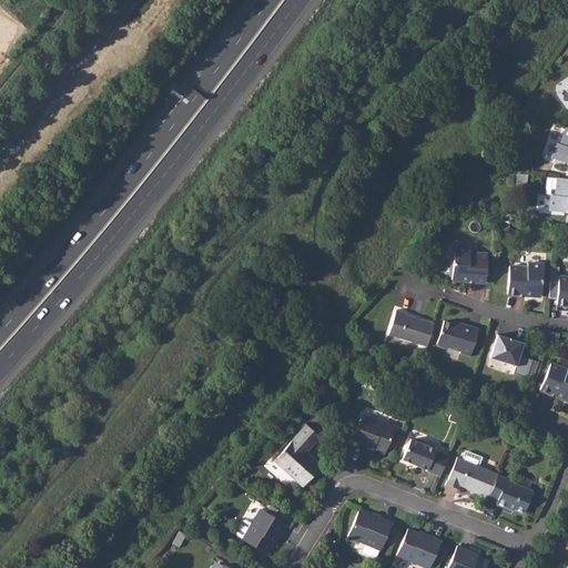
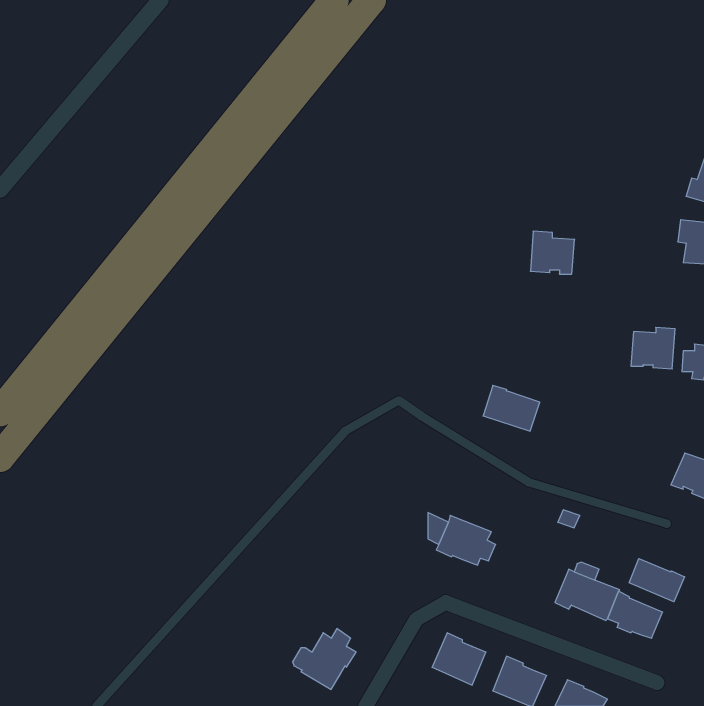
building: [453,247,488,282] -> [530,231,575,274]
building: [437,321,479,356] -> none
building: [490,334,525,366] -> none
building: [275,425,322,486] -> none
building: [403,438,449,477] -> none
building: none -> [629,559,685,602]

